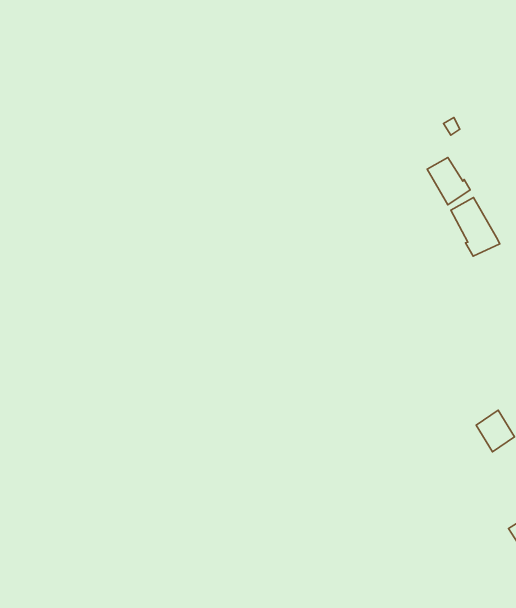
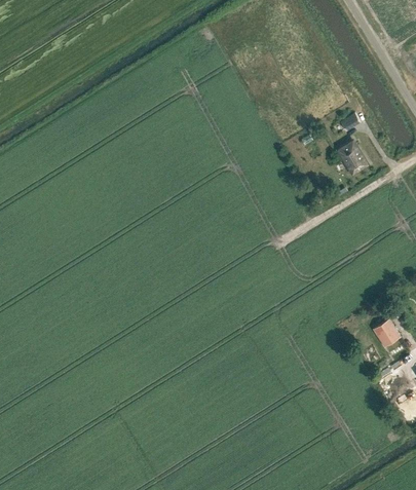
building: [451,197,500,256] -> none

